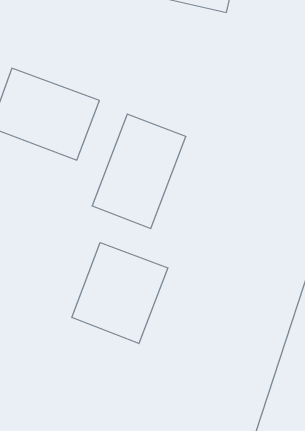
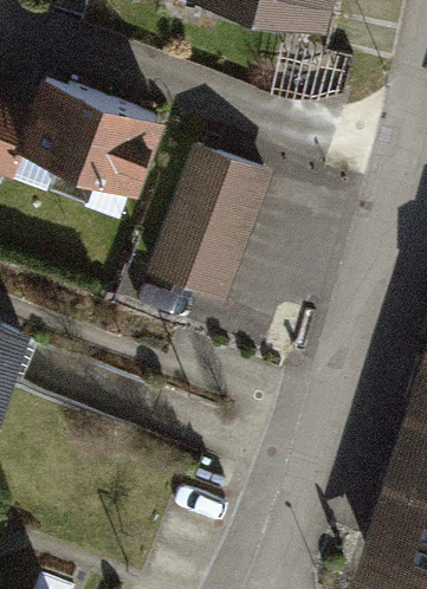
building: [72,243,168,344] -> none

